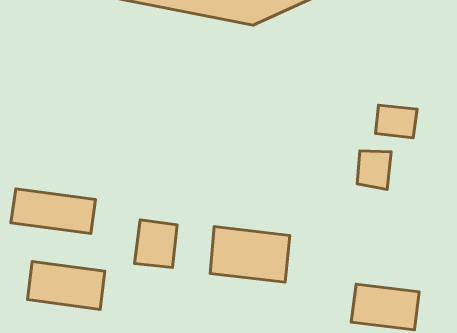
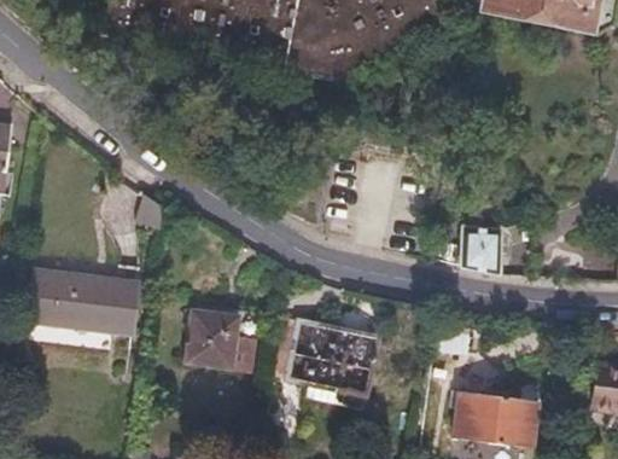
building: [376,105,417,138] -> none
building: [27,261,105,309] -> none

